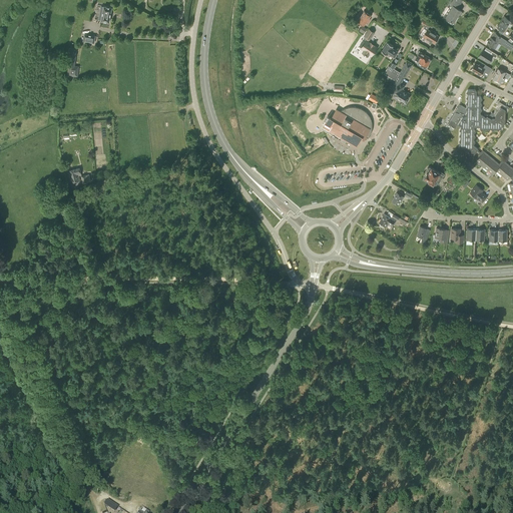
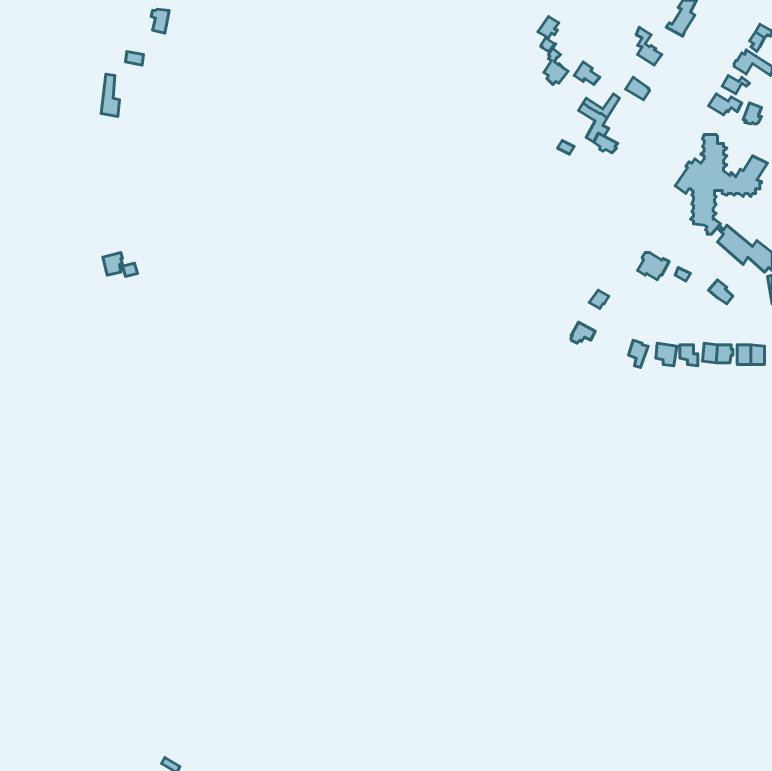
building: [324,108,372,146] -> none

